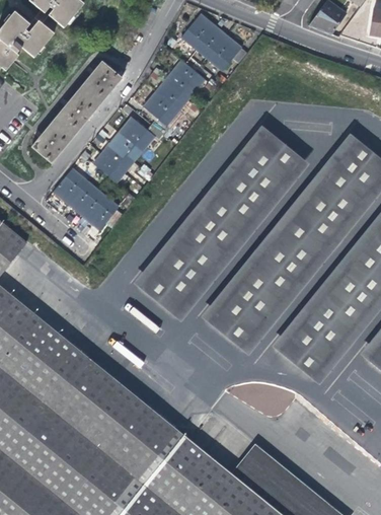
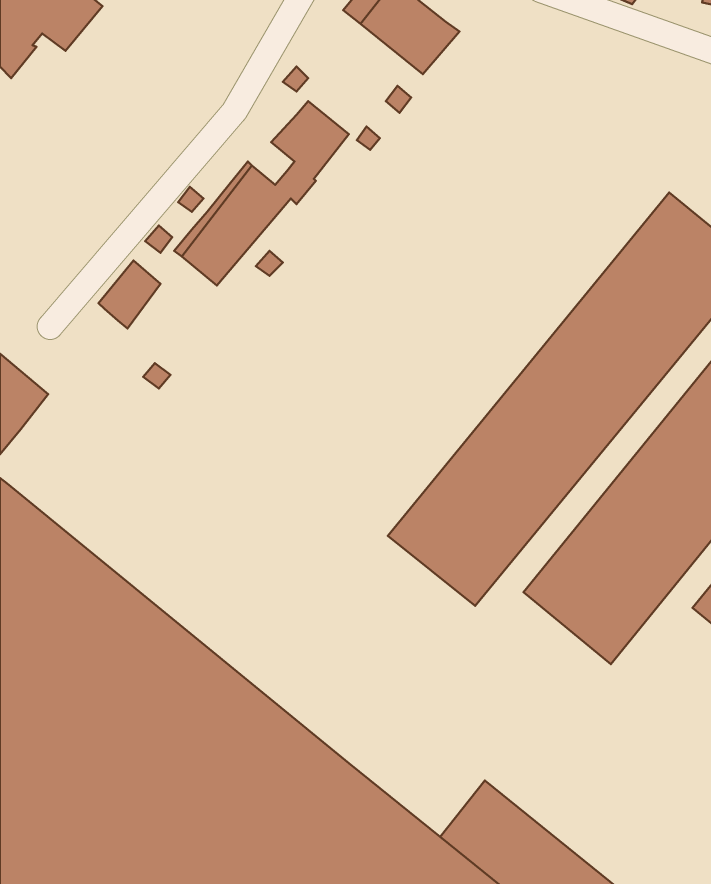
building: [161,62,203,103] -> none
building: [29,63,121,164] -> none
building: [134,126,307,316] -> none
building: [67,181,117,231] -> none

